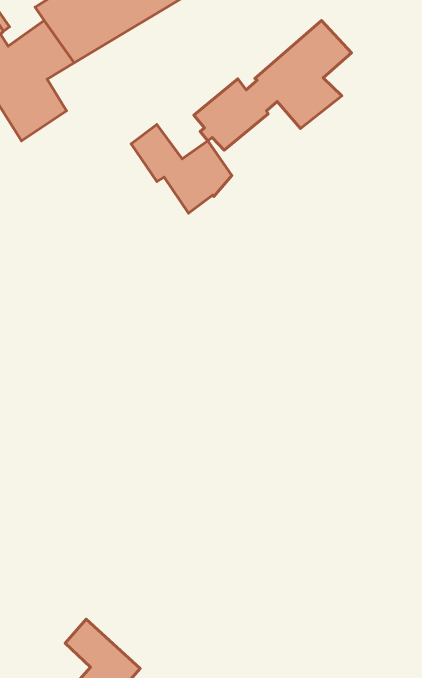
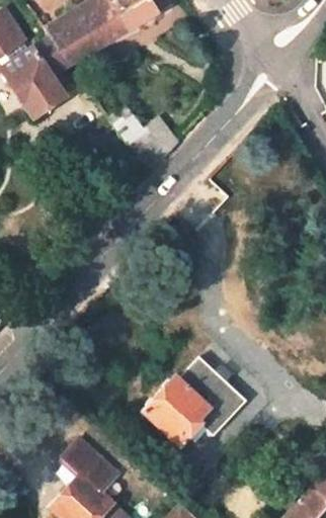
building: [194,21,351,150] -> none
building: none -> [143,357,247,447]

